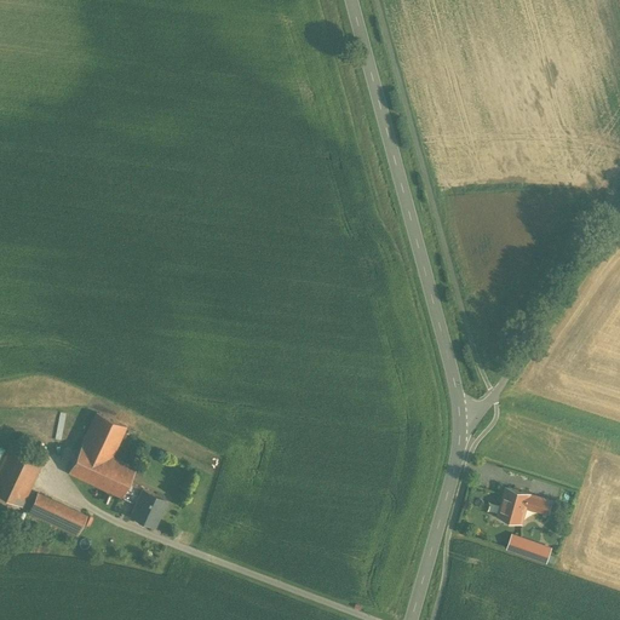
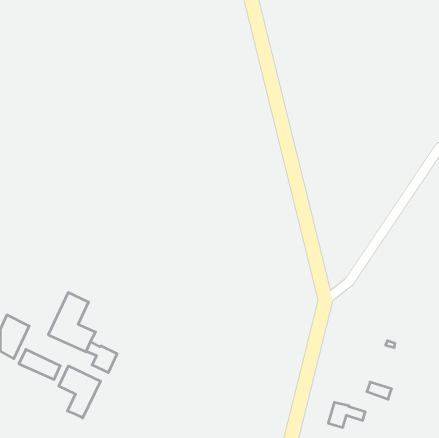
building: [500,489,552,524] -> [328,402,365,427]
building: none -> [59,366,100,418]

